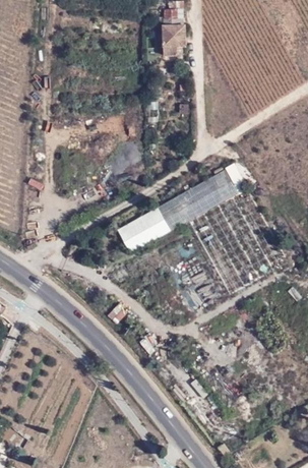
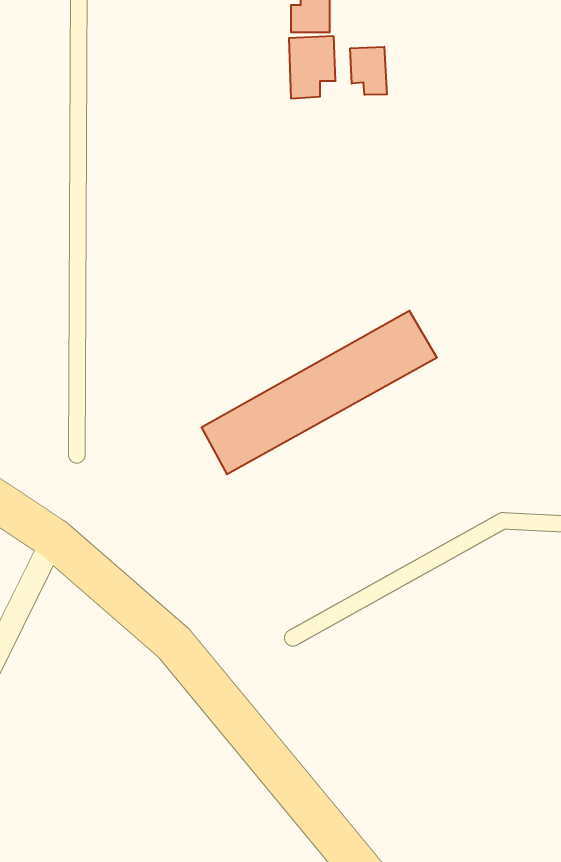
building: none -> [350,47,387,95]

